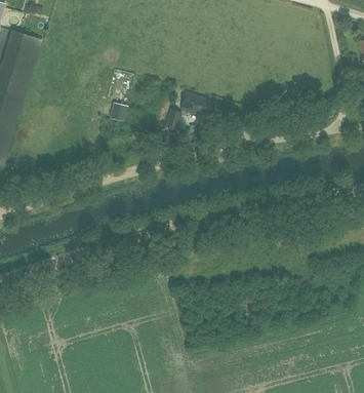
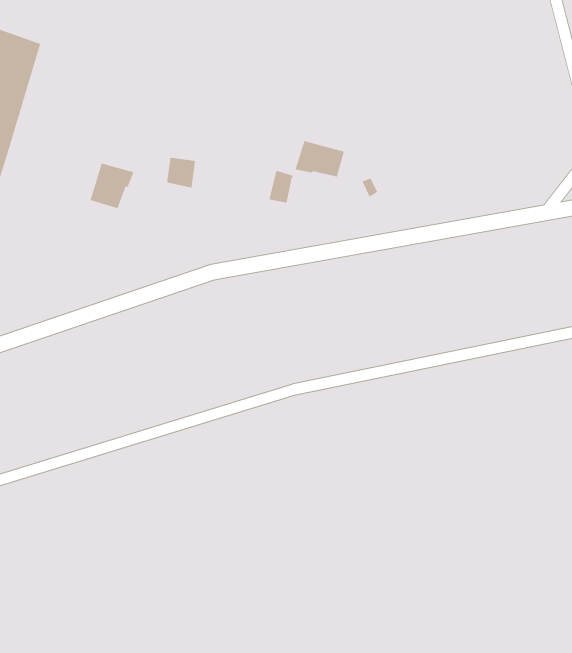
building: none -> [89,163,135,209]

